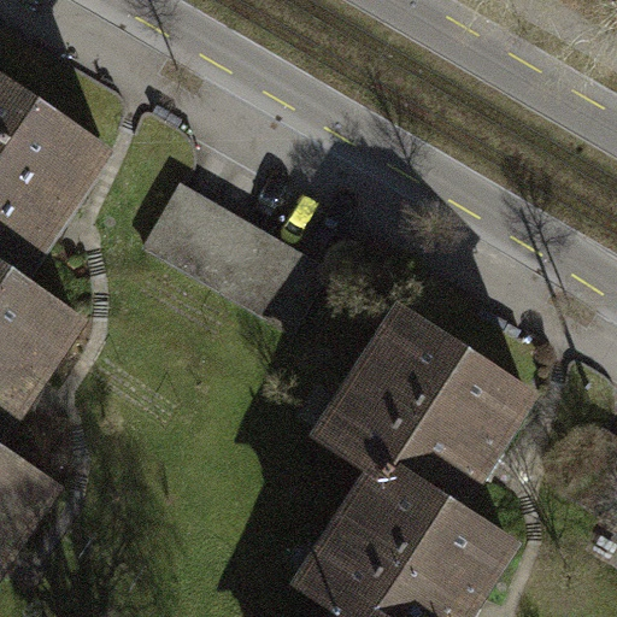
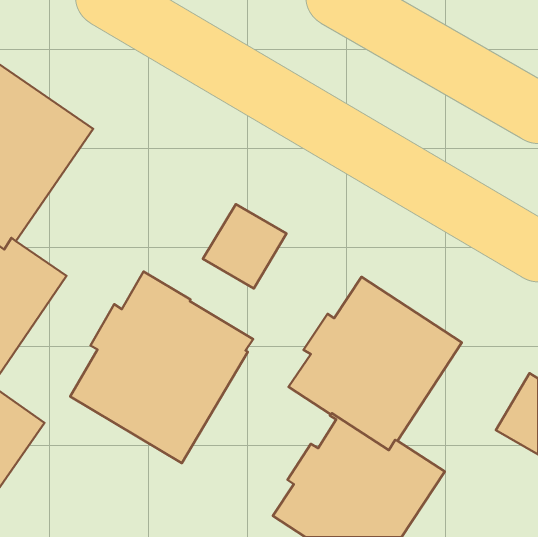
building: [145,182,269,295] -> none
building: none -> [70,271,253,463]

